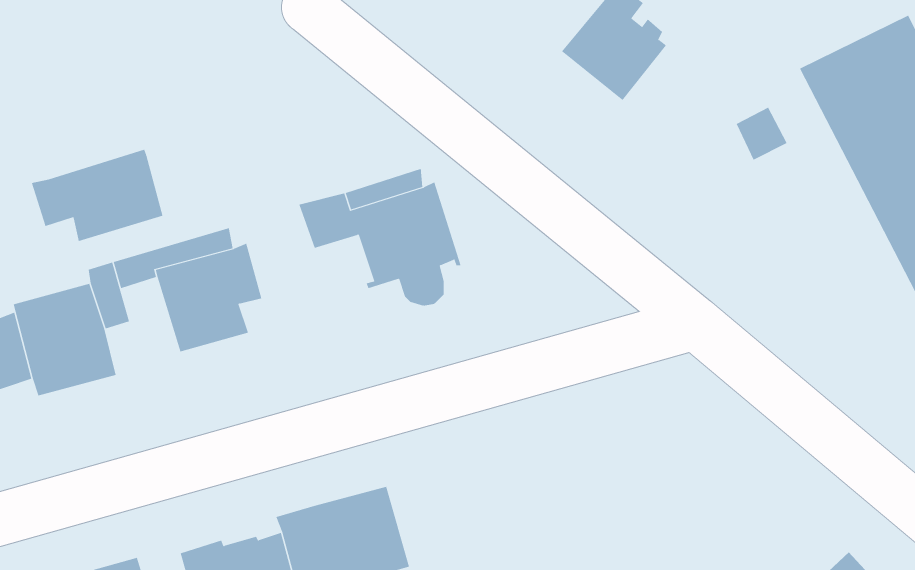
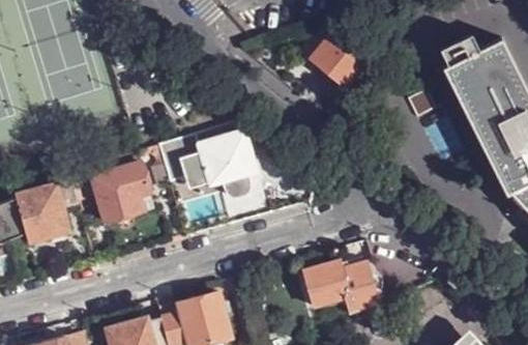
building: [31,149,163,242] -> none
building: none -> [303,262,381,317]

